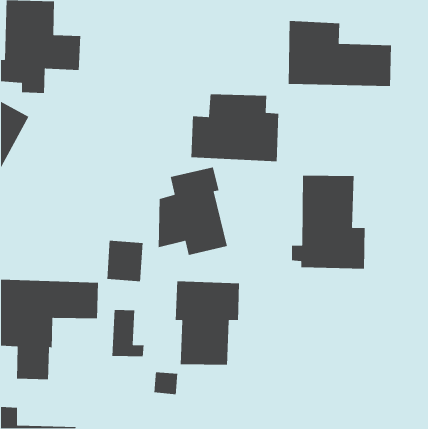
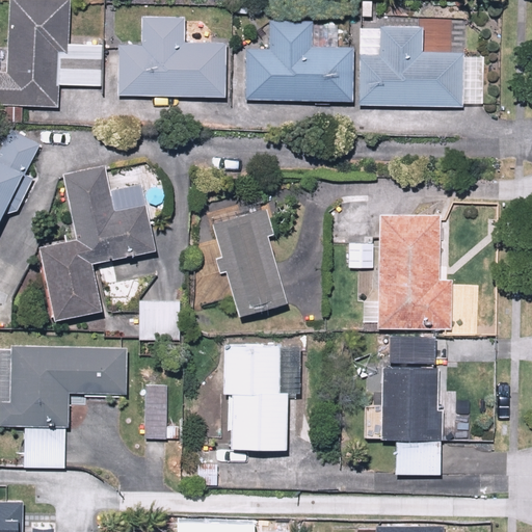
building: none -> [116,12,228,100]
building: [190,94,279,162] -> [246,20,355,104]
building: none -> [36,164,155,322]
building: none -> [366,335,445,474]

